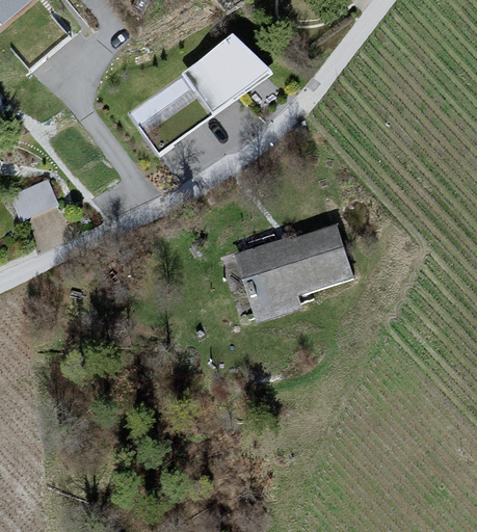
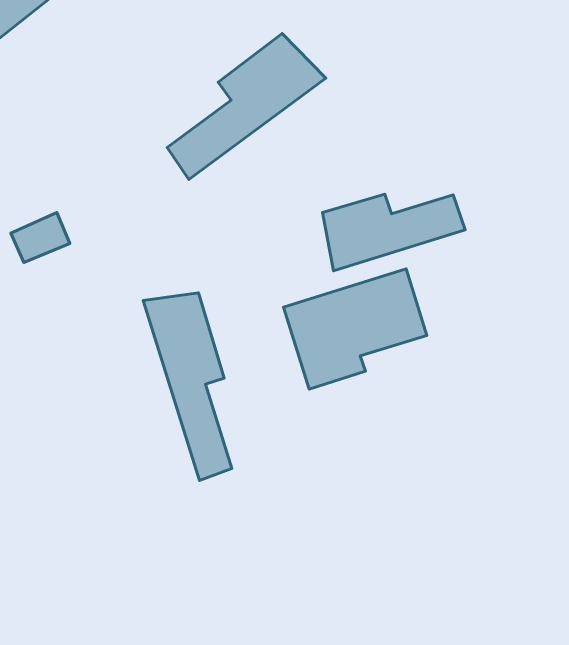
building: none -> [323,194,465,271]
building: none -> [143,293,232,480]

